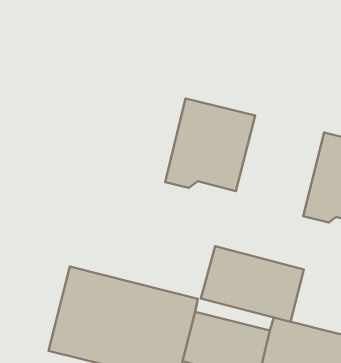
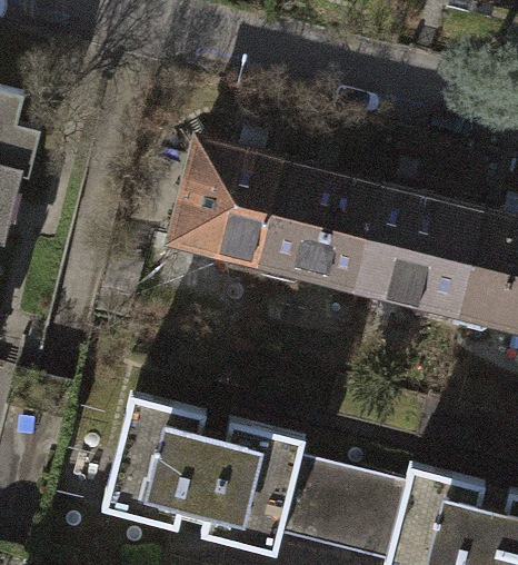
building: none -> [175,143,290,279]
building: none -> [359,188,480,326]
building: [201,246,304,322] -> none

